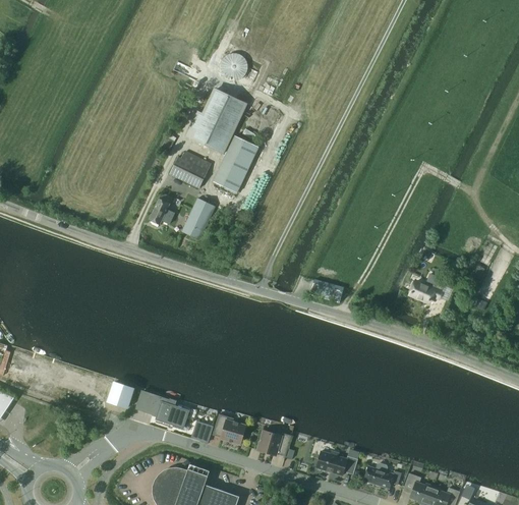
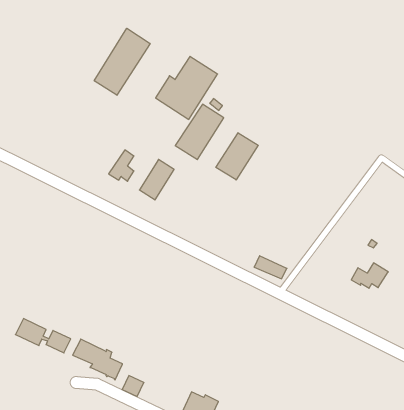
building: [221,52,250,81] -> none
building: none -> [94,28,150,95]
building: [170,152,210,188] -> none
building: none -> [216,133,258,180]
building: [213,413,245,444] -> none

